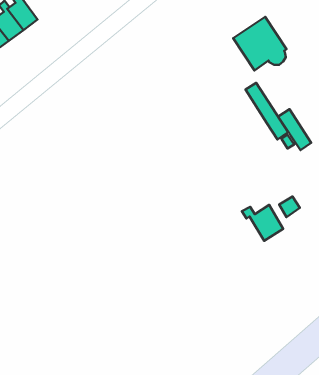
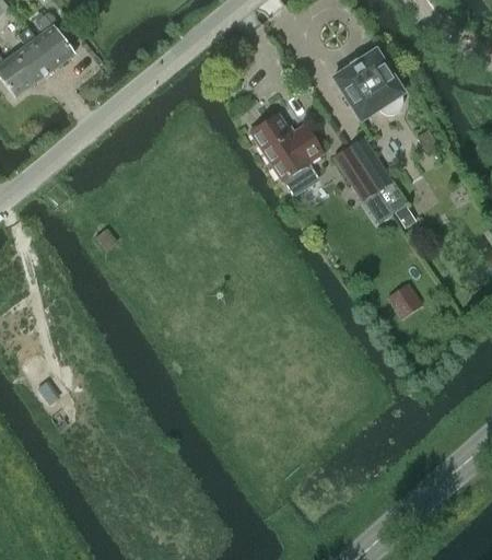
building: none -> [250,113,324,197]
building: [278,109,311,150] -> [333,145,377,200]
building: [242,205,283,241] -> none

